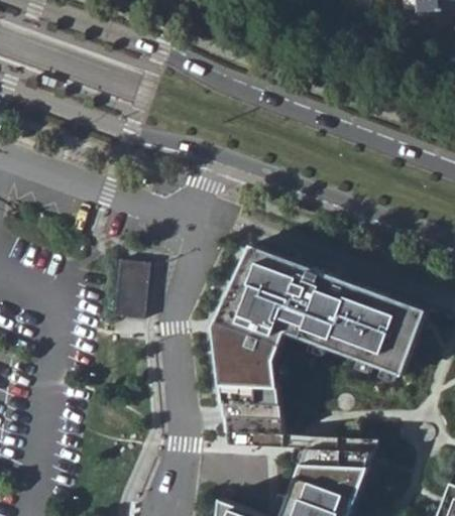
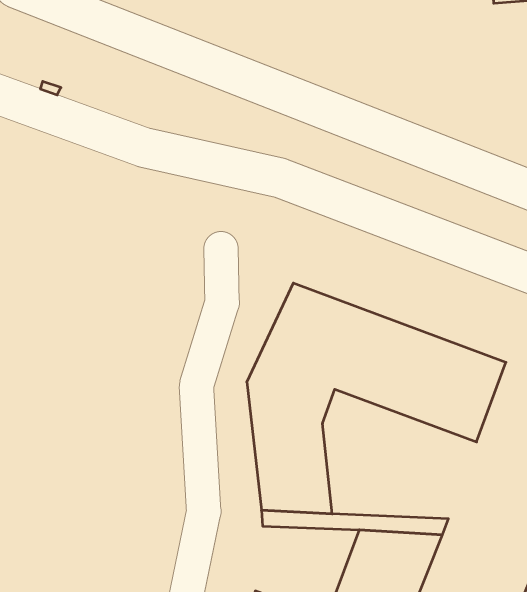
building: [114,265,145,316] -> none

